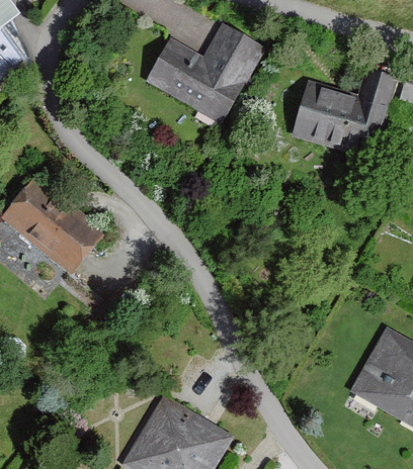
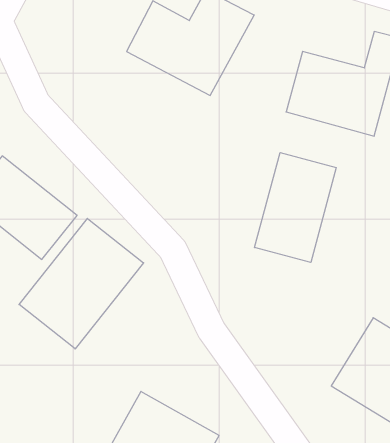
building: none -> [255,153,336,262]
building: none -> [19,218,144,349]

